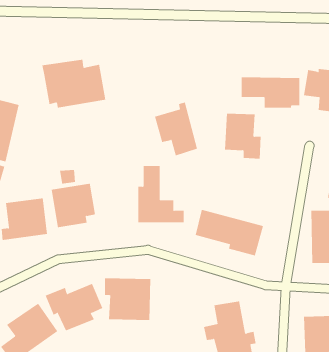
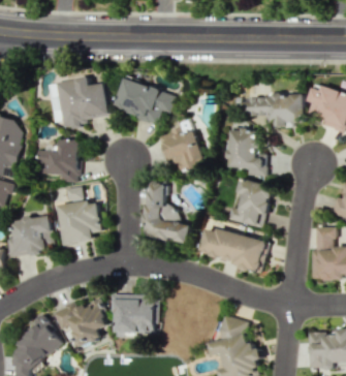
building: none -> [115,79,177,123]
building: none -> [37,139,78,181]
building: none -> [225,180,272,227]

